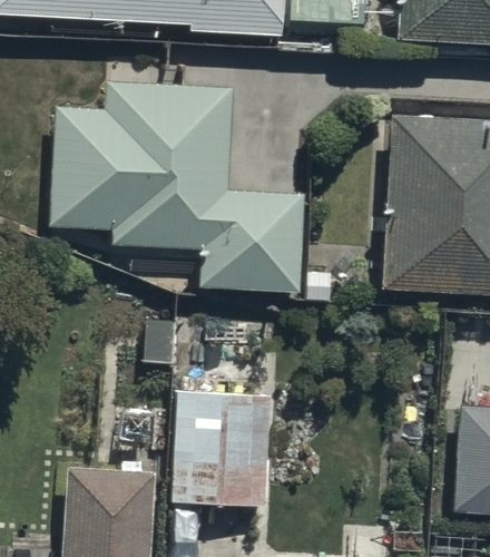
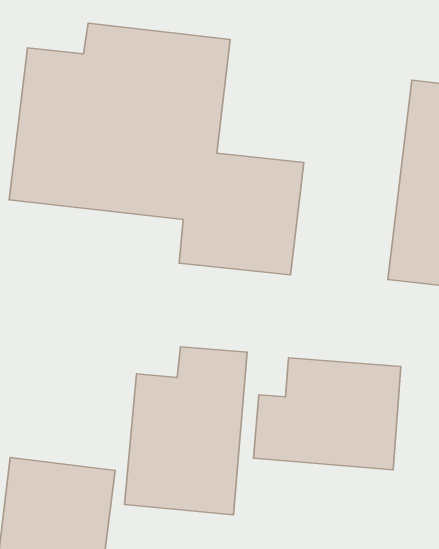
building: none -> [253,358,401,470]

